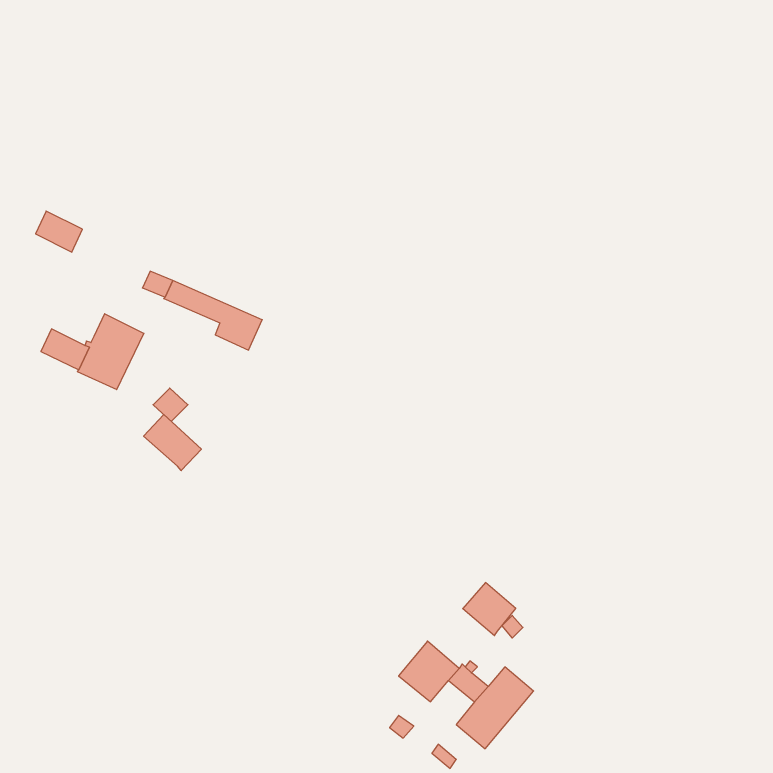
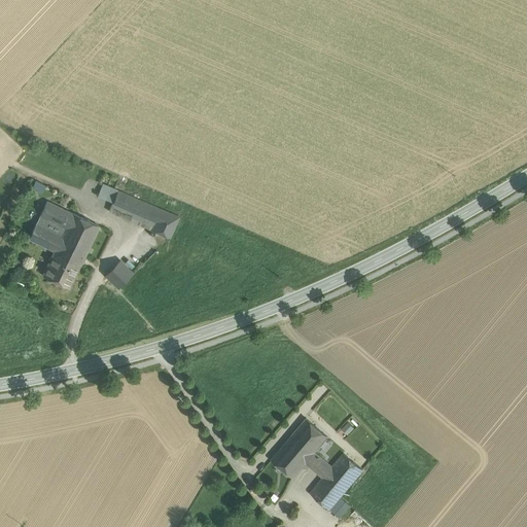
building: [36,211,82,252] -> [39,202,71,230]
building: none -> [41,253,79,289]
building: [144,415,201,471] -> none
building: [463,583,516,636] -> [290,419,326,455]

